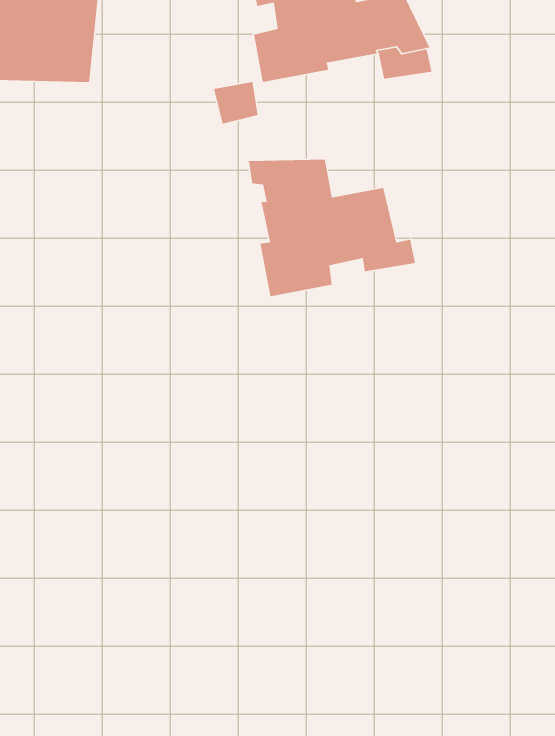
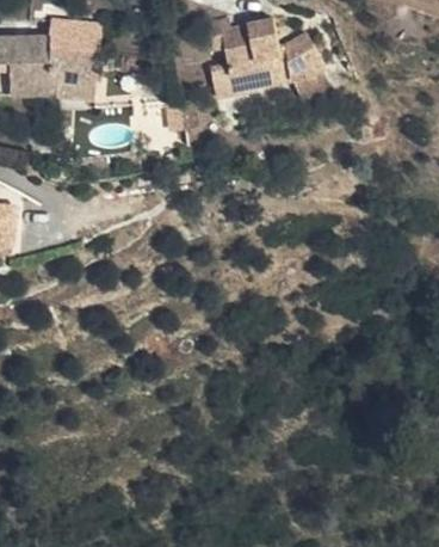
building: [247,159,416,297] -> none

